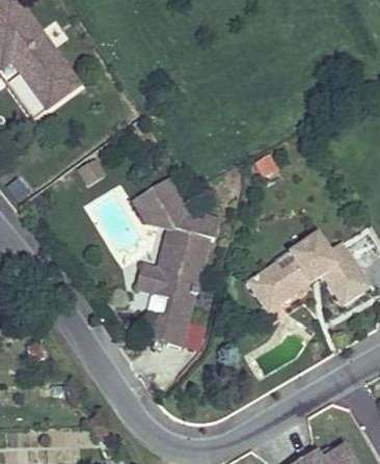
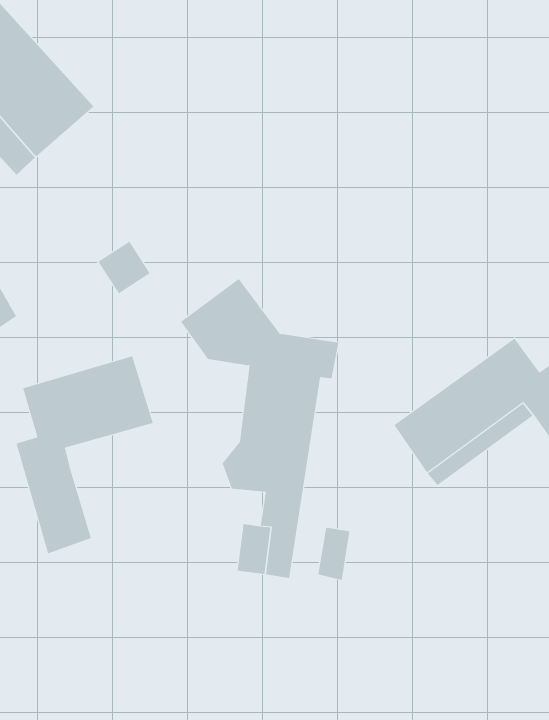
building: none -> [16,355,153,554]

